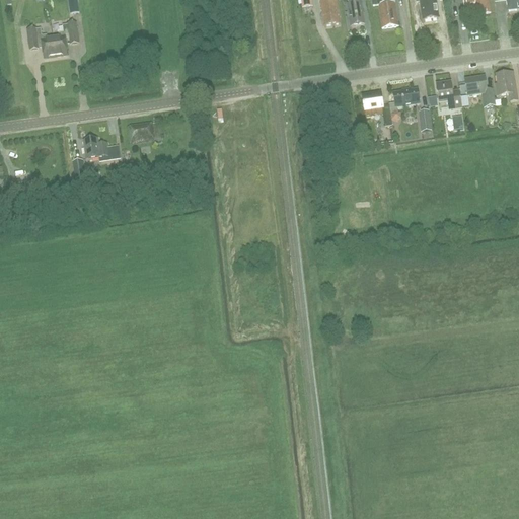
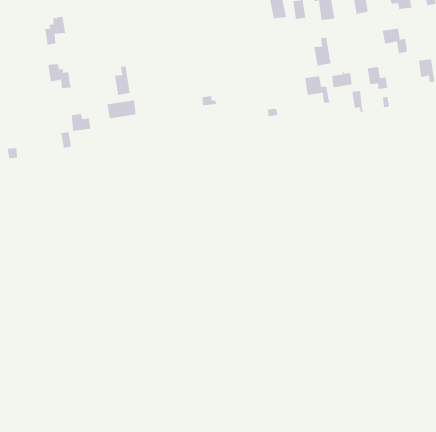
building: [27,25,56,55] -> [48,64,72,89]
building: none -> [314,37,331,67]
building: [464,74,495,104] -> [382,28,407,54]
building: none -> [115,65,130,96]

